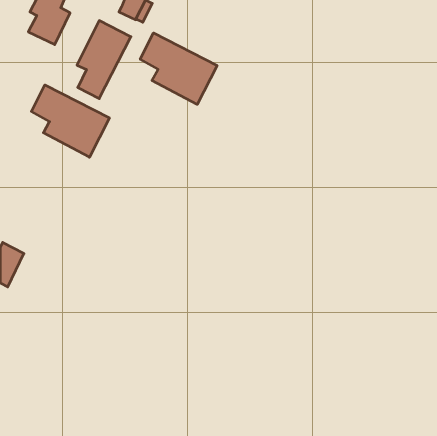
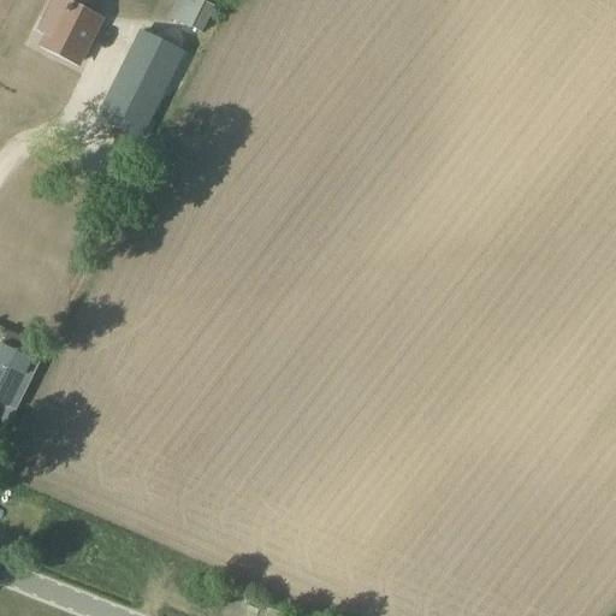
building: [140,33,217,104] -> none
building: [31,85,109,157] -> none

